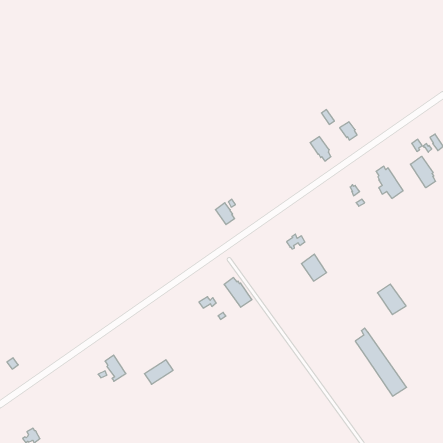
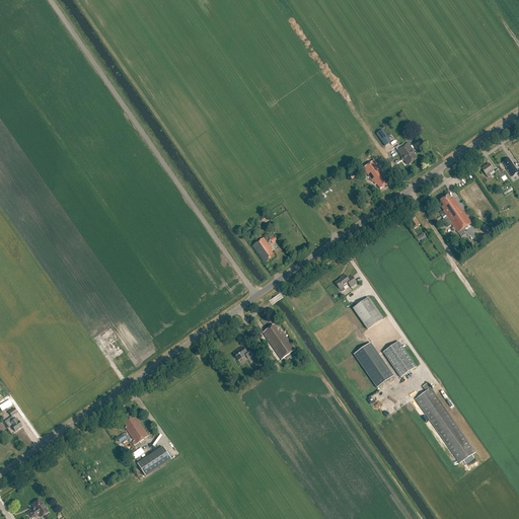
building: [410,156,436,188] -> none
building: [377,284,406,315] -> [382,341,416,376]
building: none -> [353,342,392,386]
building: [144,360,173,384] -> [137,446,170,474]

